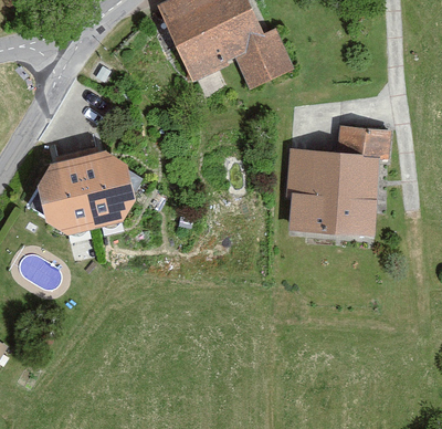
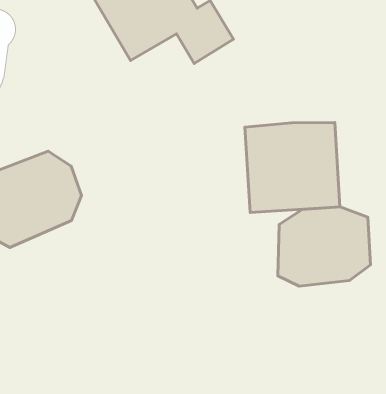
building: [337,125,392,157] -> none
building: none -> [278,207,371,286]

